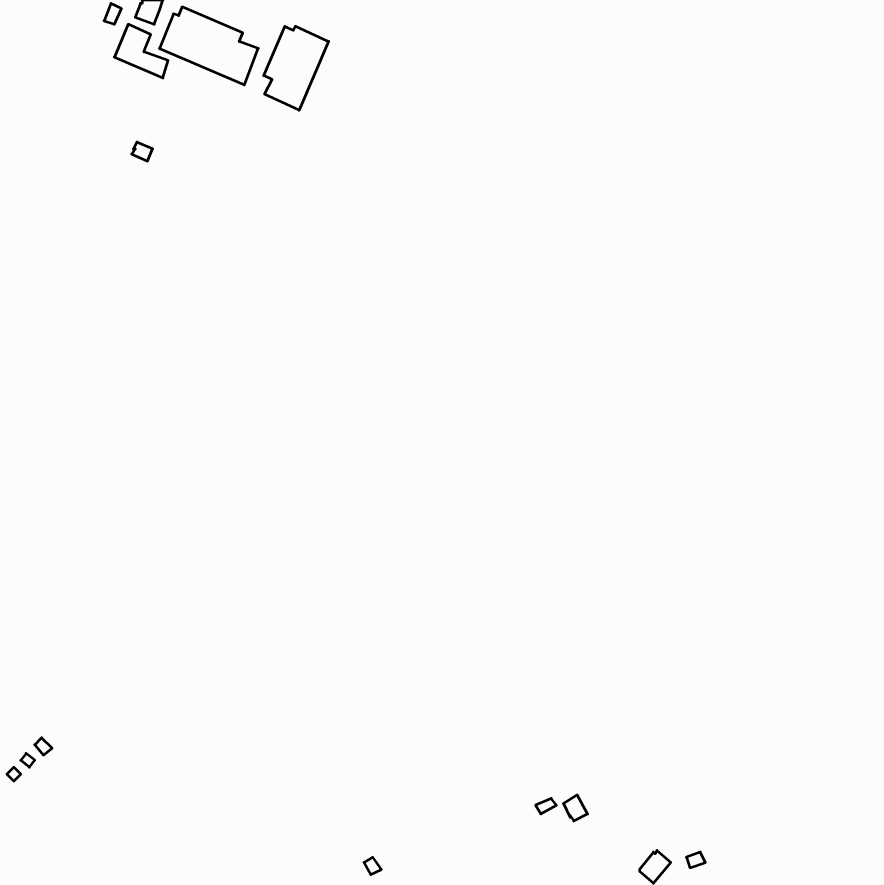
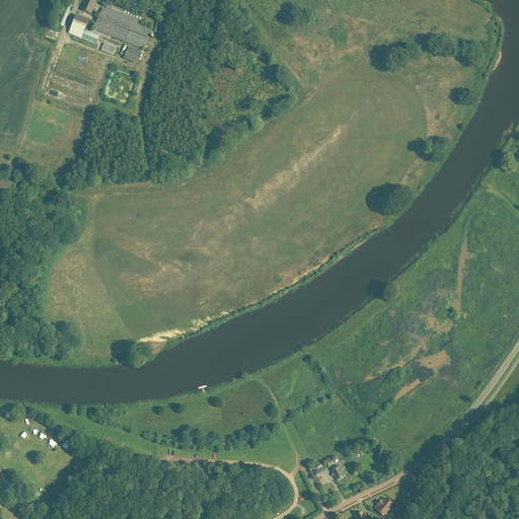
building: [264,26,329,110] -> none

